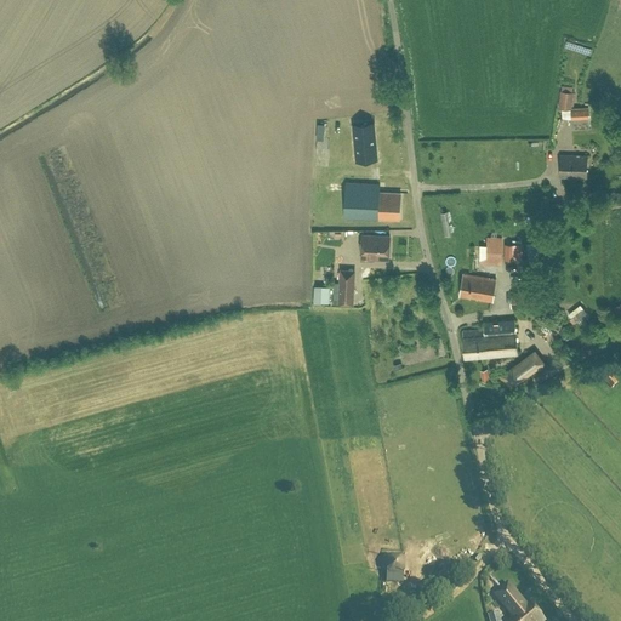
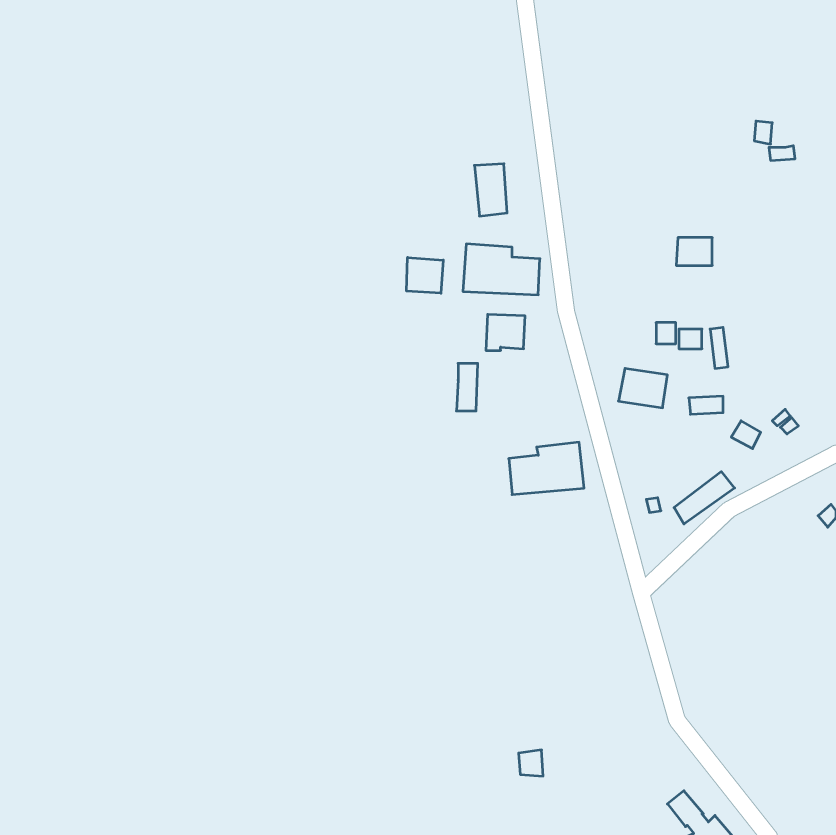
building: [559,156,586,177] -> [676,238,712,265]
building: none -> [407,257,443,293]
building: [462,319,518,358] -> [509,442,584,495]

